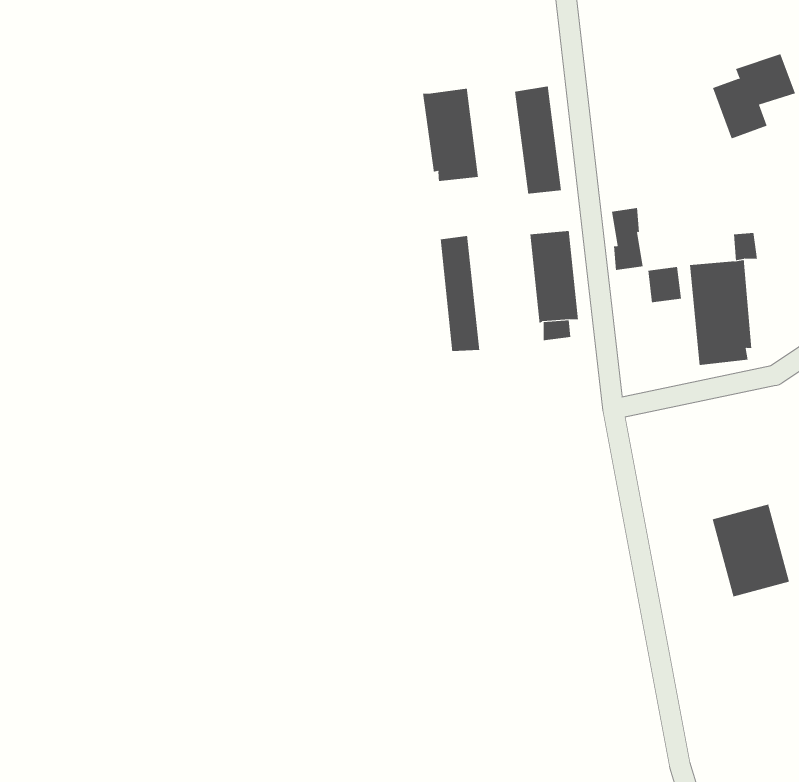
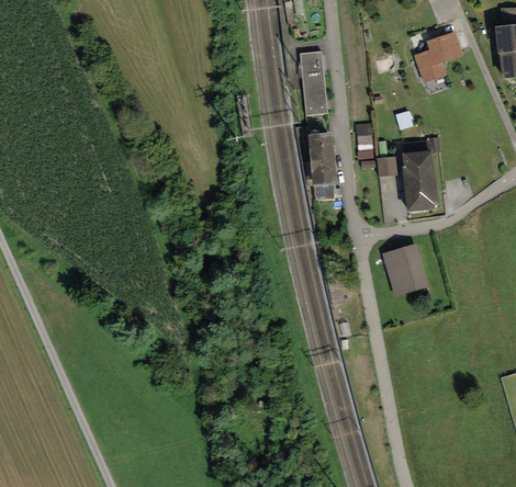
building: [423,88,479,182] -> none
building: [440,235,480,352] -> none
building: [712,504,790,597] -> [383,242,428,296]

